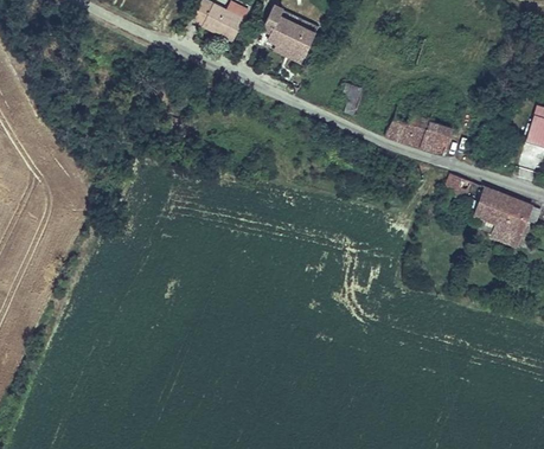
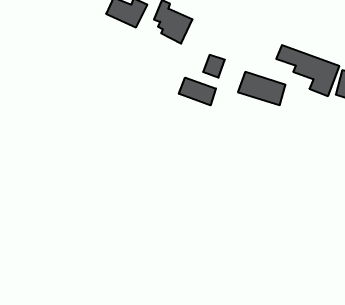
building: none -> [179,78,216,105]
building: [442,173,535,248] -> [276,45,339,96]

